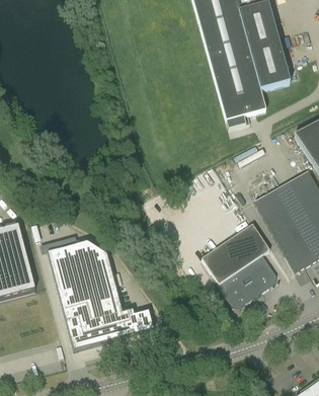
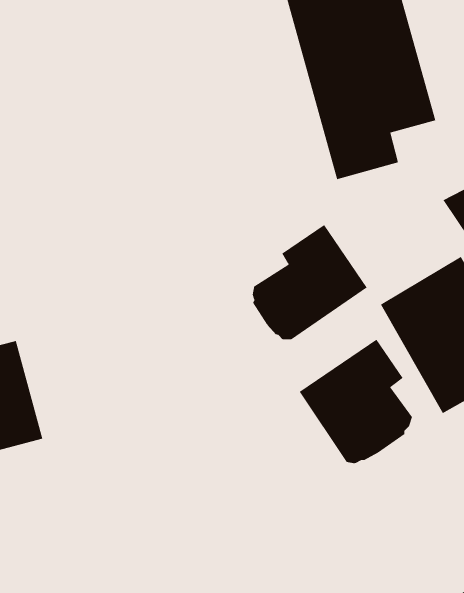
building: none -> [252,224,367,340]
building: [48,241,153,349] -> none

